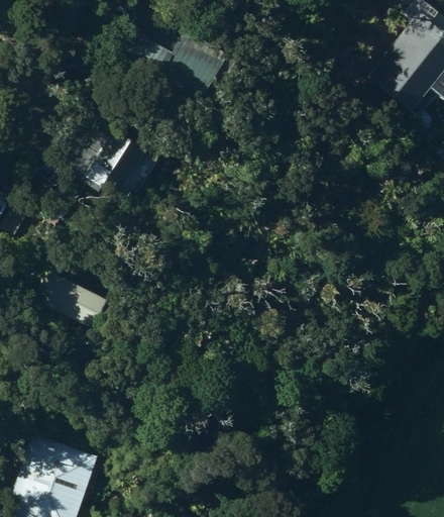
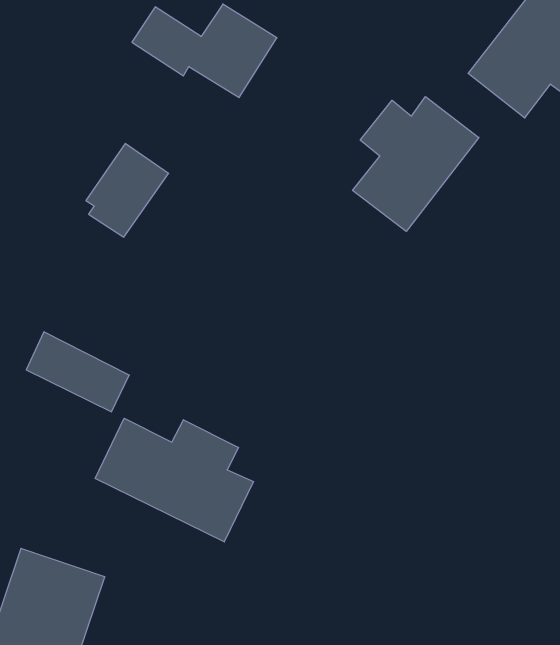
building: none -> [353,97,479,231]
building: none -> [95,418,253,542]

